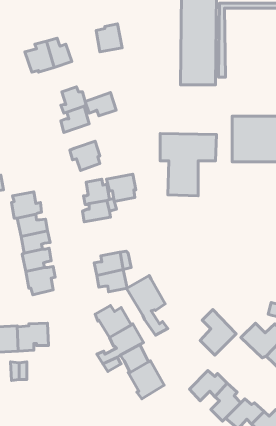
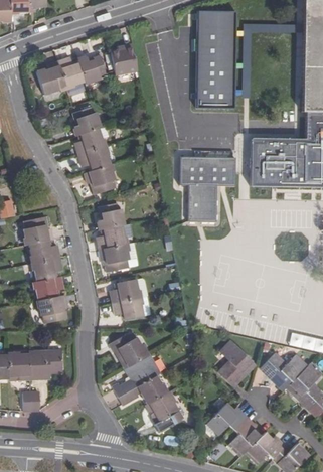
building: none -> [78,57,107,85]
building: [85,93,116,116] -> [77,146,110,170]
building: [107,174,136,201] -> [99,243,129,271]
building: [126,276,168,335] -> none

